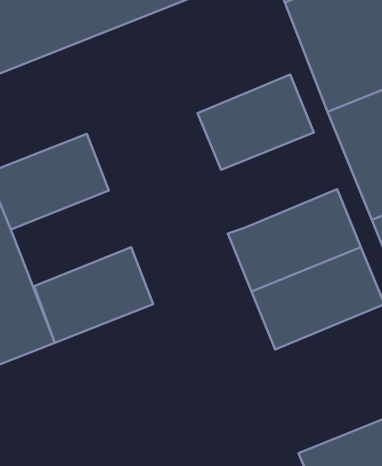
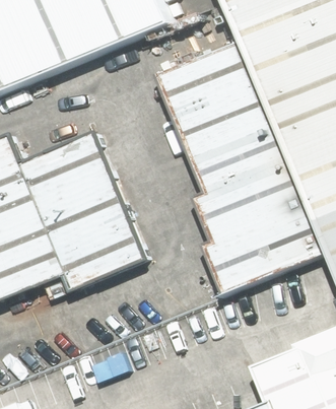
building: none -> [157,47,243,117]
building: none -> [192,131,277,201]
building: none -> [38,174,126,244]

